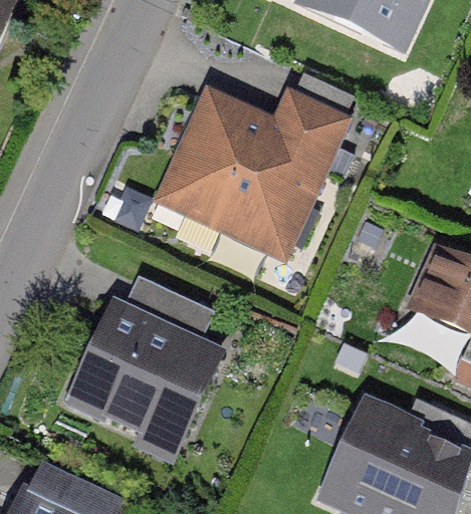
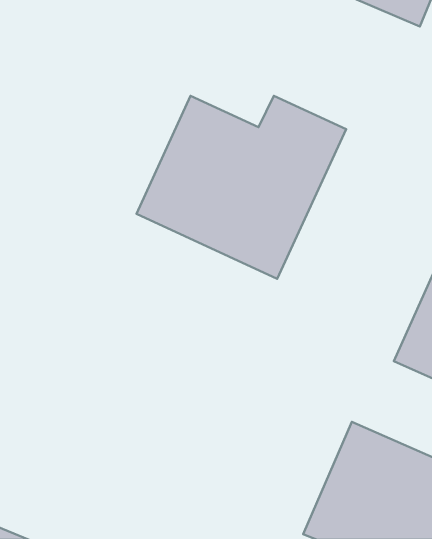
building: [58,293,225,460] -> none

